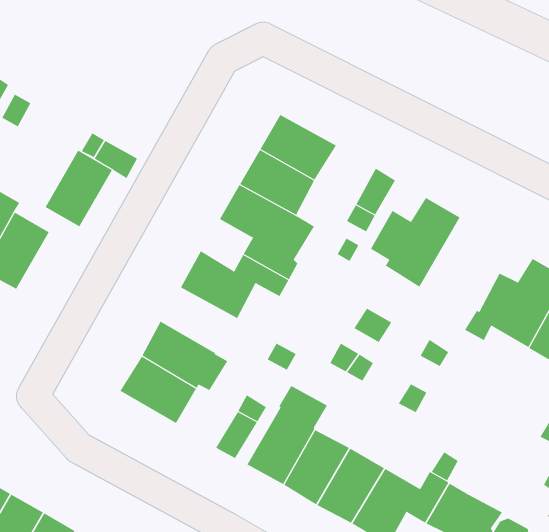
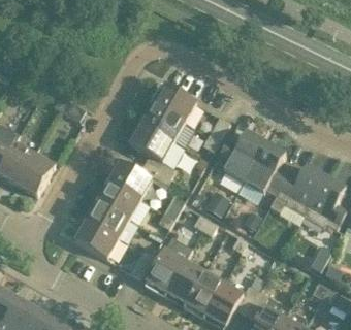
building: [45,150,113,227] -> [17,151,55,194]
building: none -> [243,142,287,195]
building: none -> [97,182,140,219]

